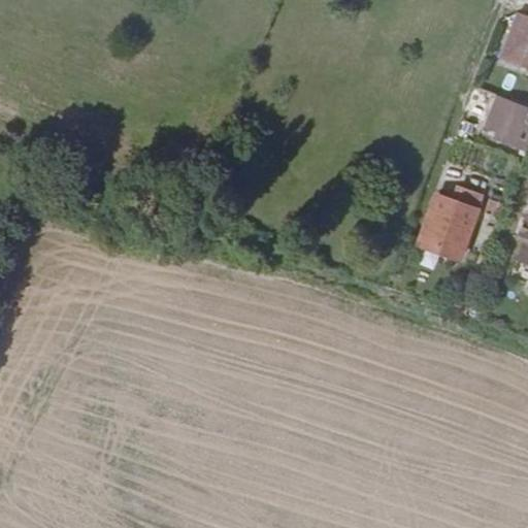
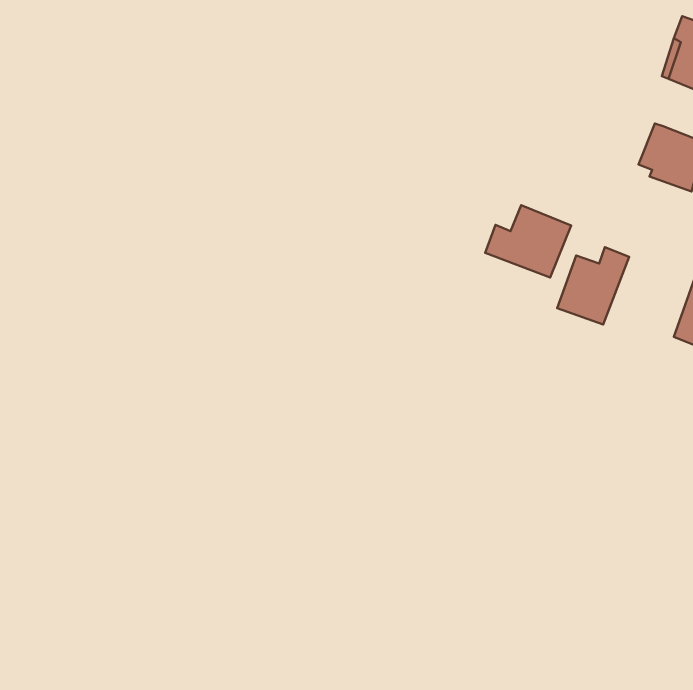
building: none -> [485,205,571,278]

